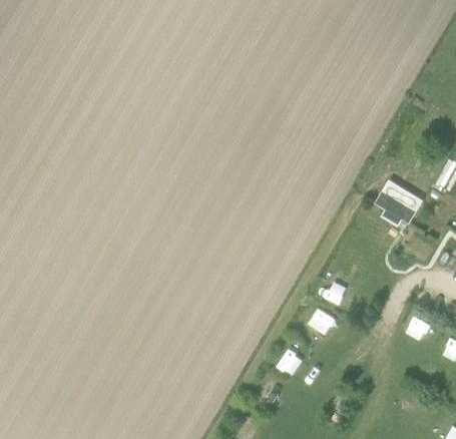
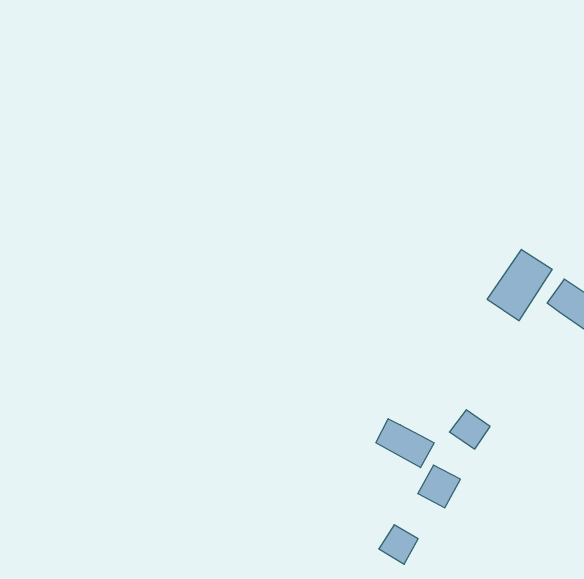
building: none -> [487,249,552,321]
building: none -> [376,419,434,468]

